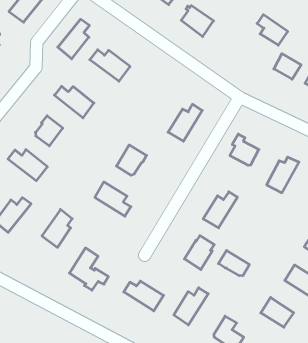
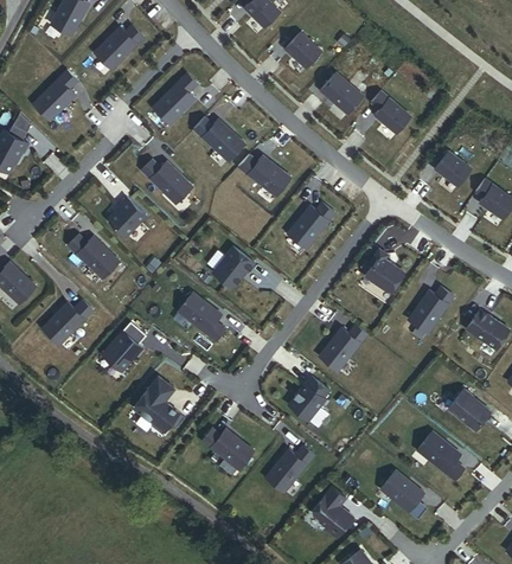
building: [257,15,288,45] -> [371,91,410,134]
building: none -> [237,155,290,197]
building: [218,250,249,276] -> none

